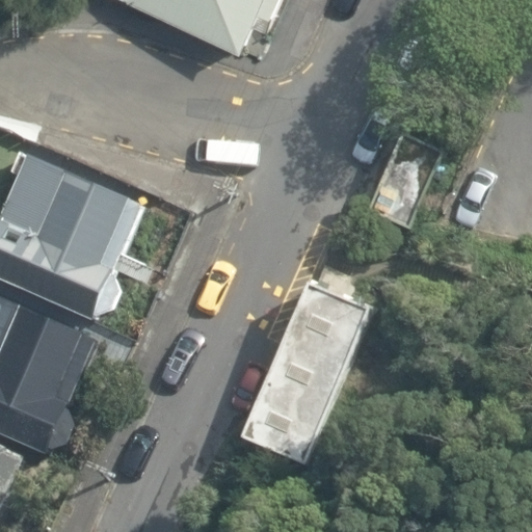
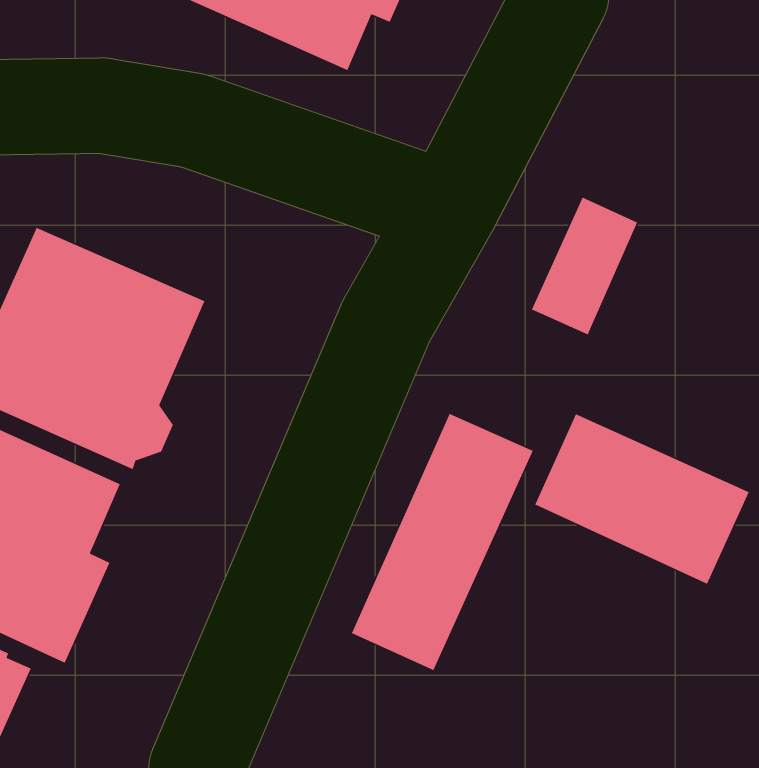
building: none -> [534,413,750,585]

